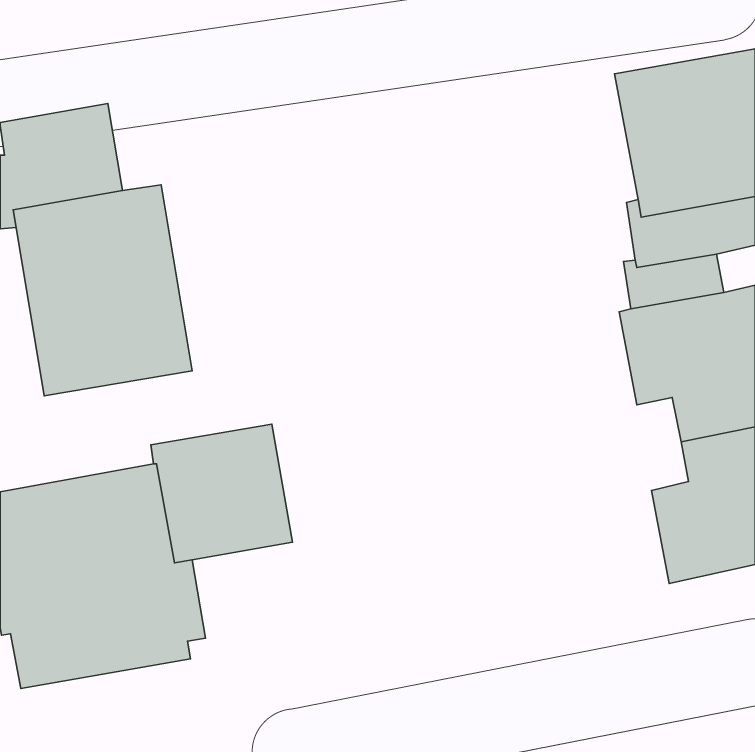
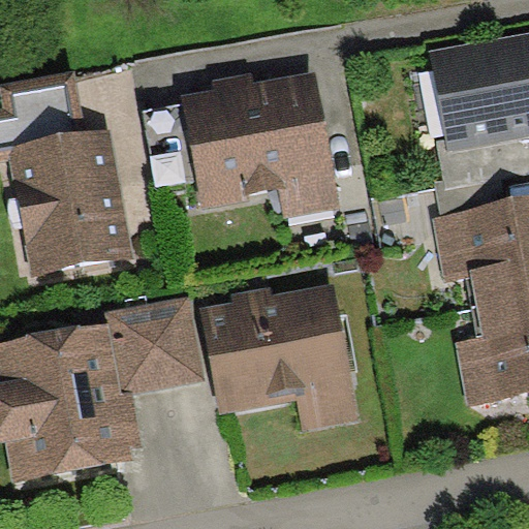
building: none -> [182,71,340,217]
building: none -> [200,284,360,431]

